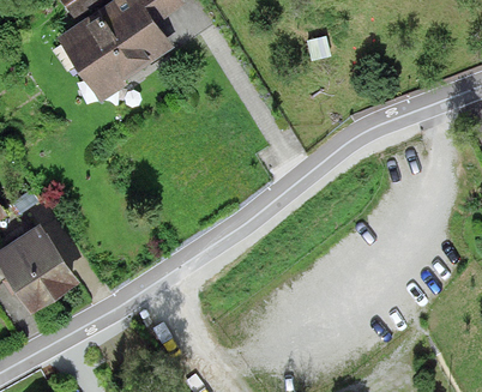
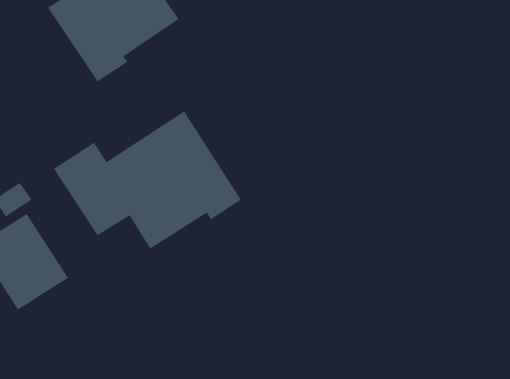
building: none -> [53,111,242,249]

